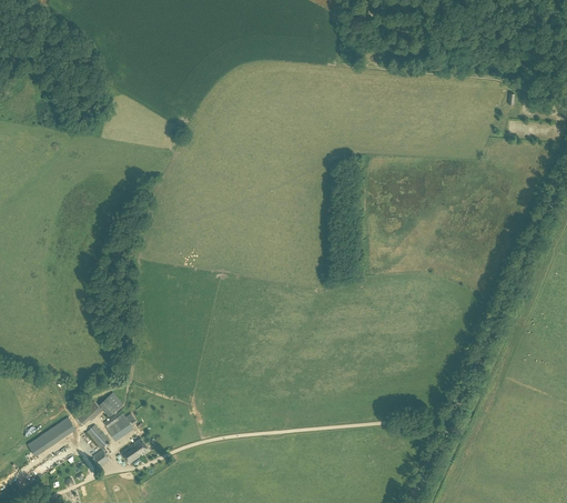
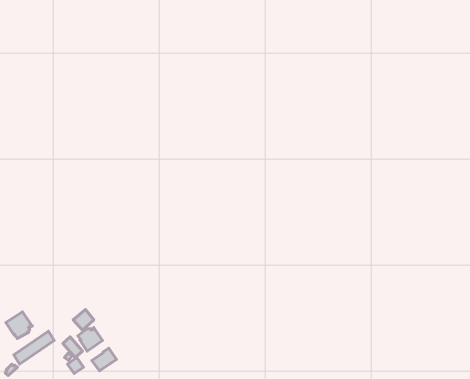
building: none -> [6,312,32,339]

